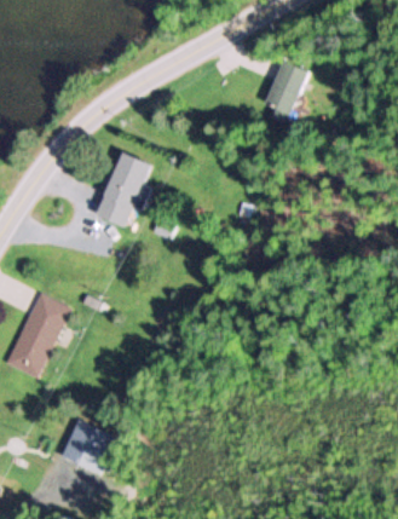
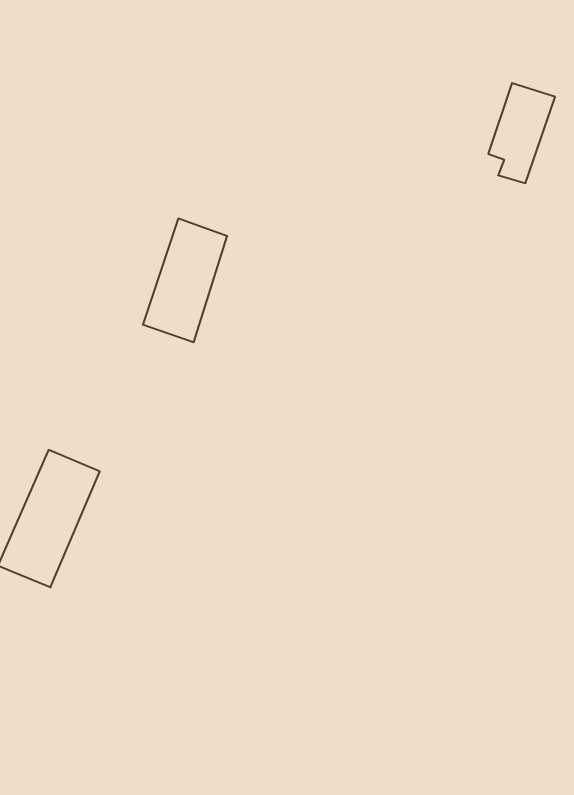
building: [266,62,307,123] -> [488,83,555,183]
building: [63,421,115,473] -> none

